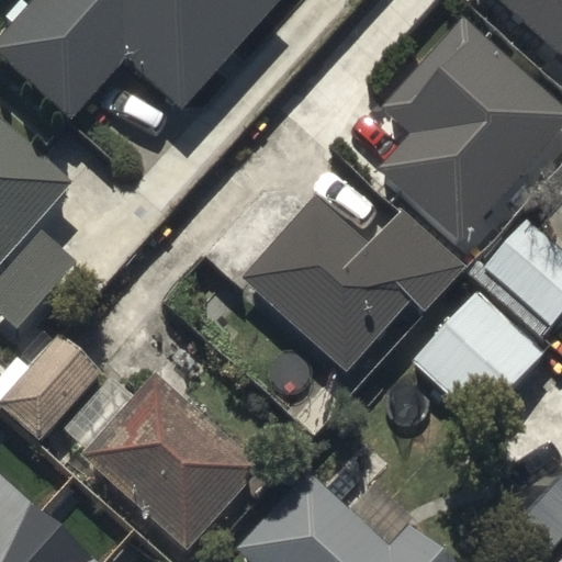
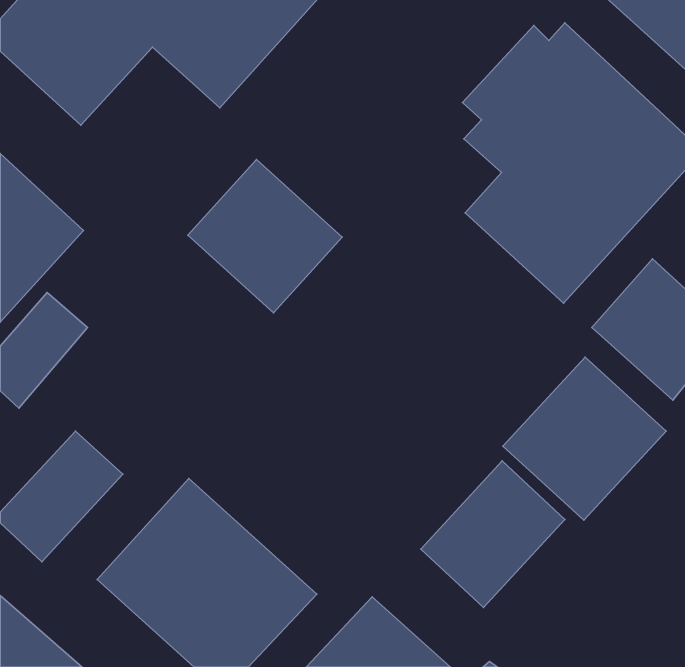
building: none -> [188,159,342,313]
building: [241,196,467,373] -> none
building: none -> [421,461,565,608]

